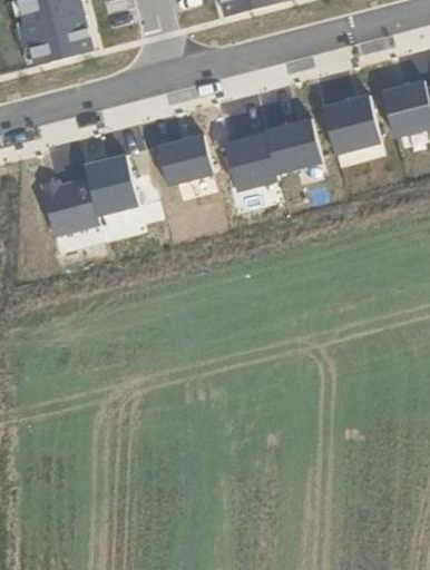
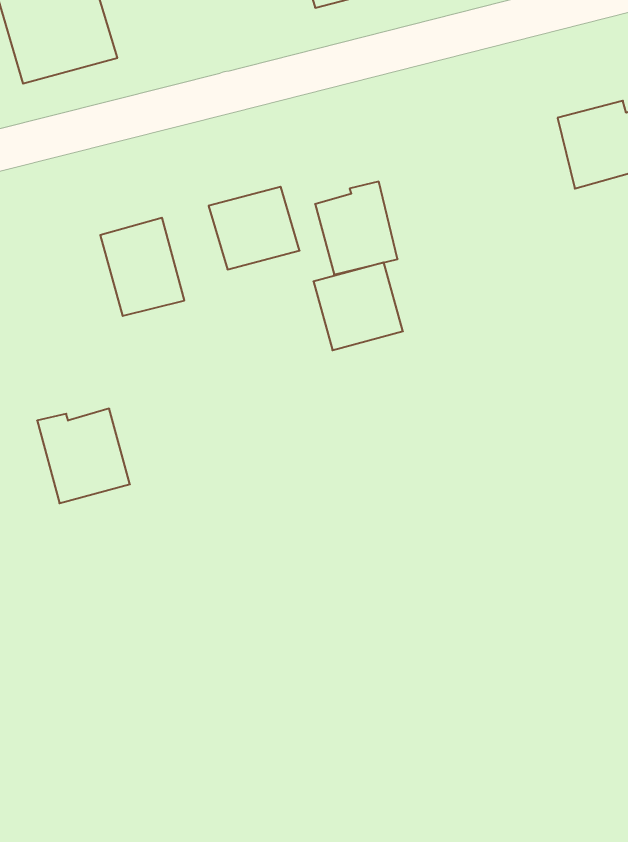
building: [321,94,381,156] -> none
building: [265,118,323,175] -> [313,262,403,350]
building: [39,176,99,237] -> [37,409,130,503]

